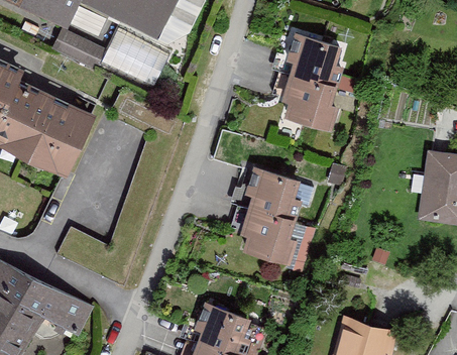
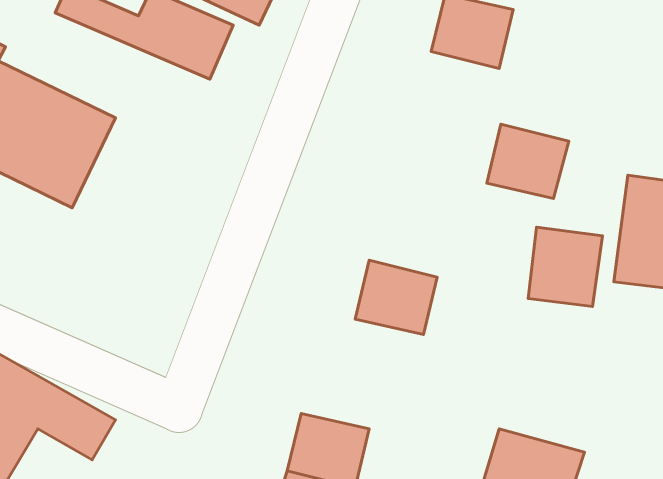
building: [284,71,338,119] -> [487,124,569,199]
building: [253,169,307,218] -> none
building: none -> [528,227,602,307]

